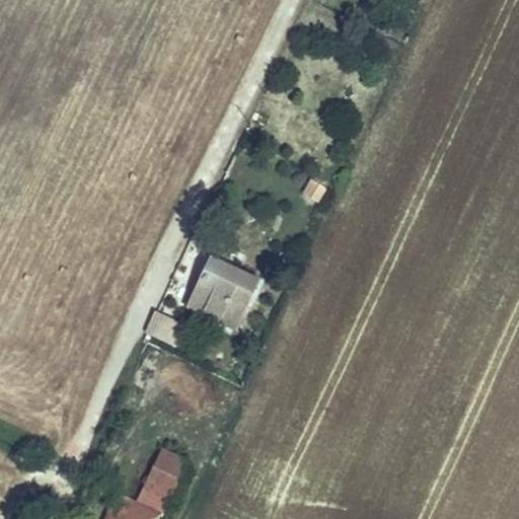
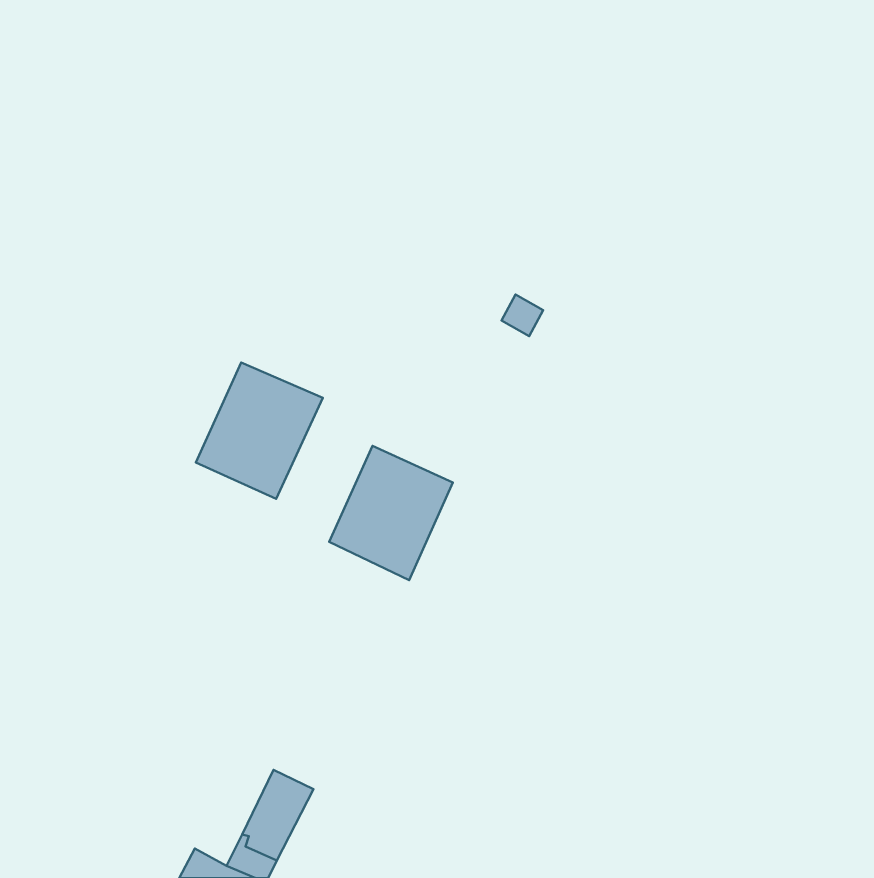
building: none -> [196,363,323,499]

